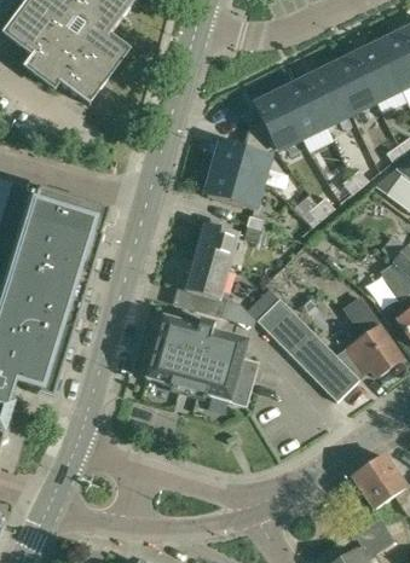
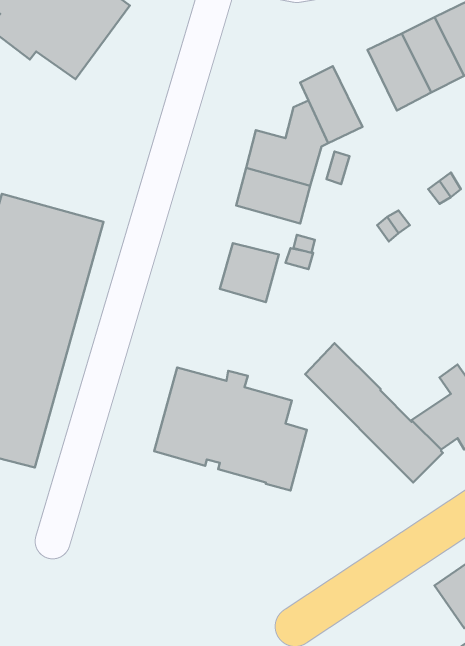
building: [277,80,324,137] -> none
building: [185,256,227,314] -> none

